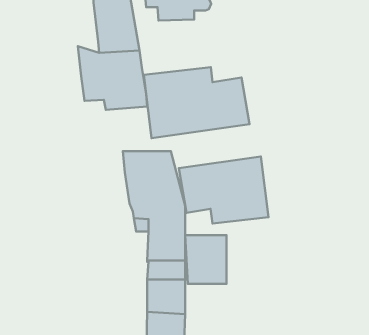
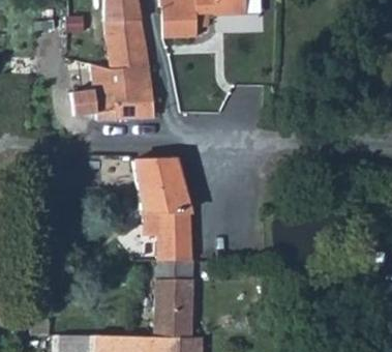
building: [144,67,249,138] -> none
building: [179,156,268,223] -> none
building: [185,235,226,284] -> none

